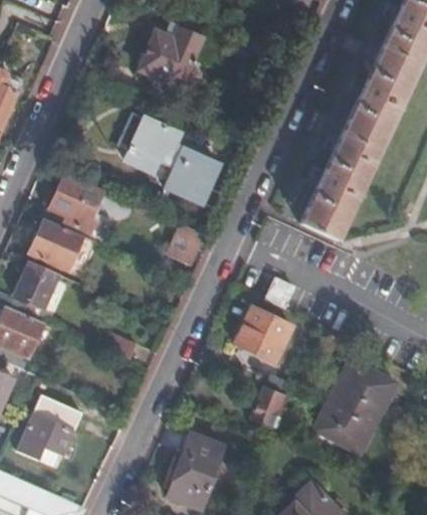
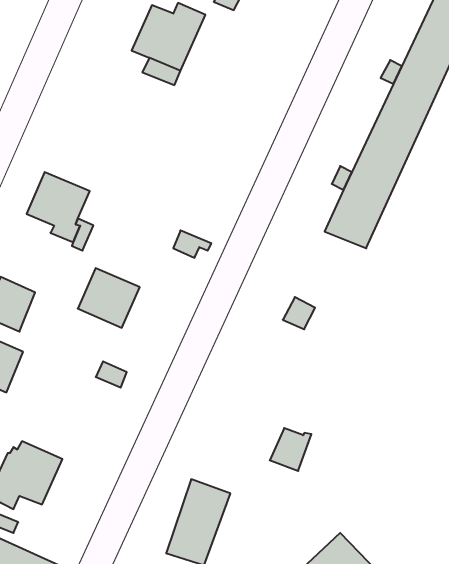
building: [125,122,215,200] -> none
building: [32,222,84,273] -> [78,268,140,328]
building: [235,308,293,362] -> none
building: [316,360,399,454] -> none

